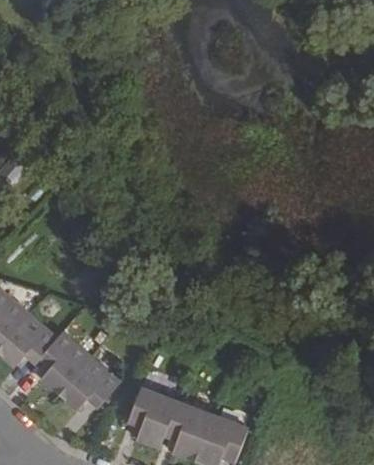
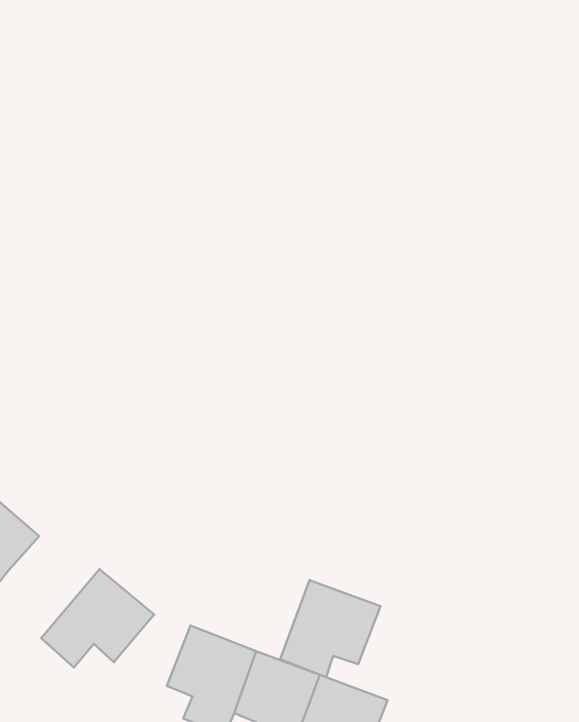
building: [40,332,90,394] -> none
building: none -> [280,580,381,677]

